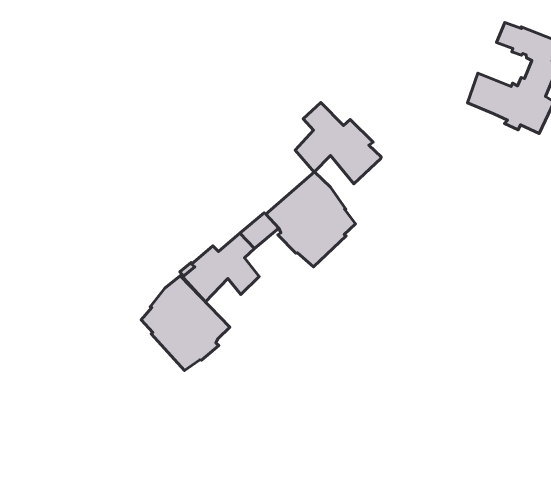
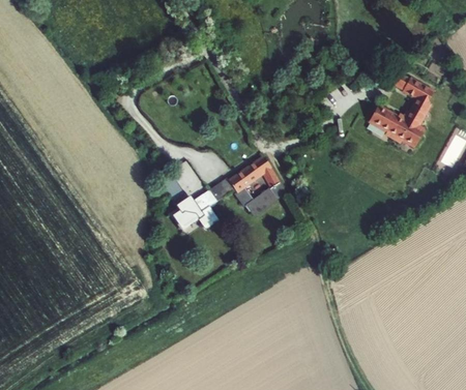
building: [295,103,381,184] -> none
building: [141,276,230,371] -> none

